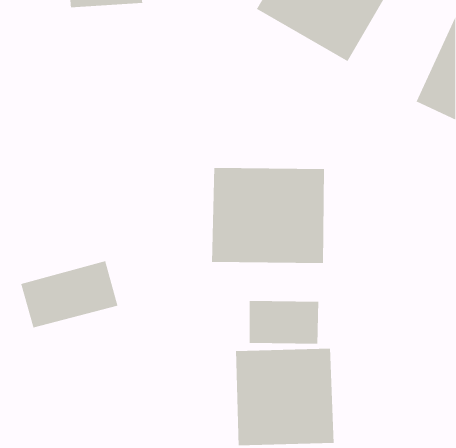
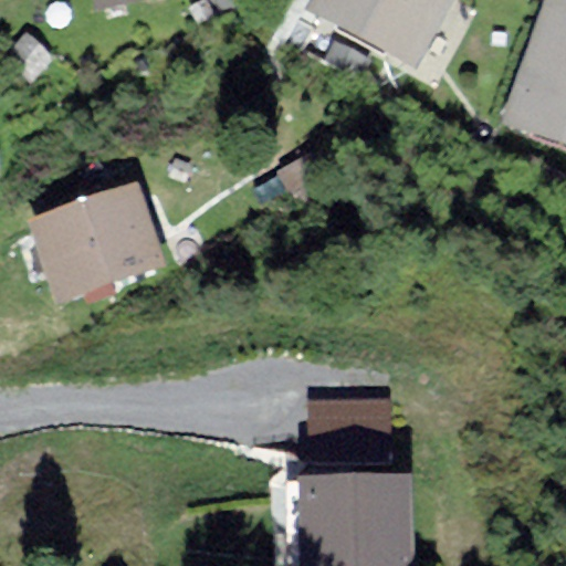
building: [211,167,325,264] -> none
building: [20,260,118,329] -> [43,201,164,285]

